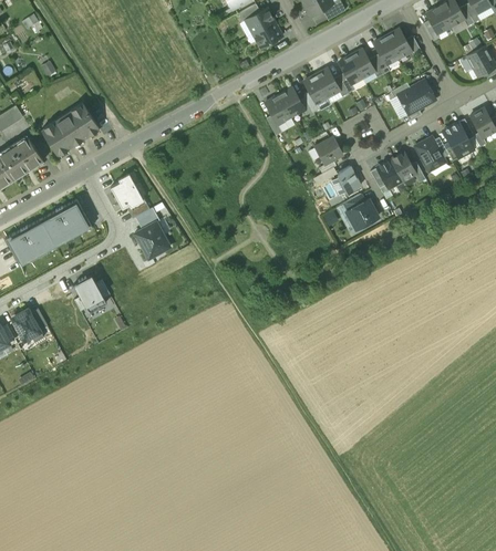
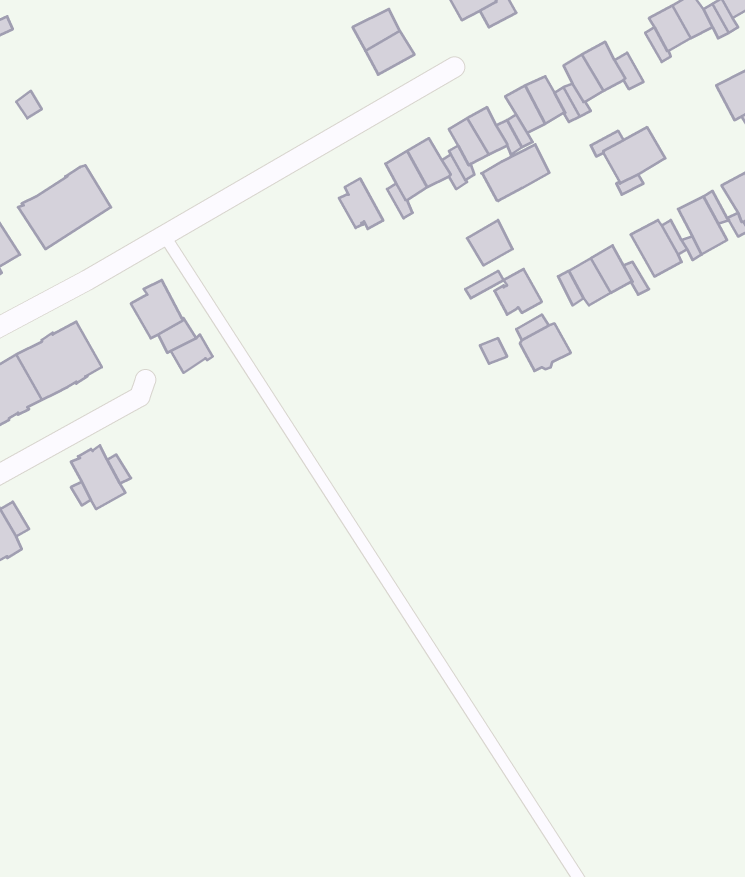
building: none -> [481,144,549,201]
building: none -> [339,179,383,229]
building: [134,221,169,259] -> none

